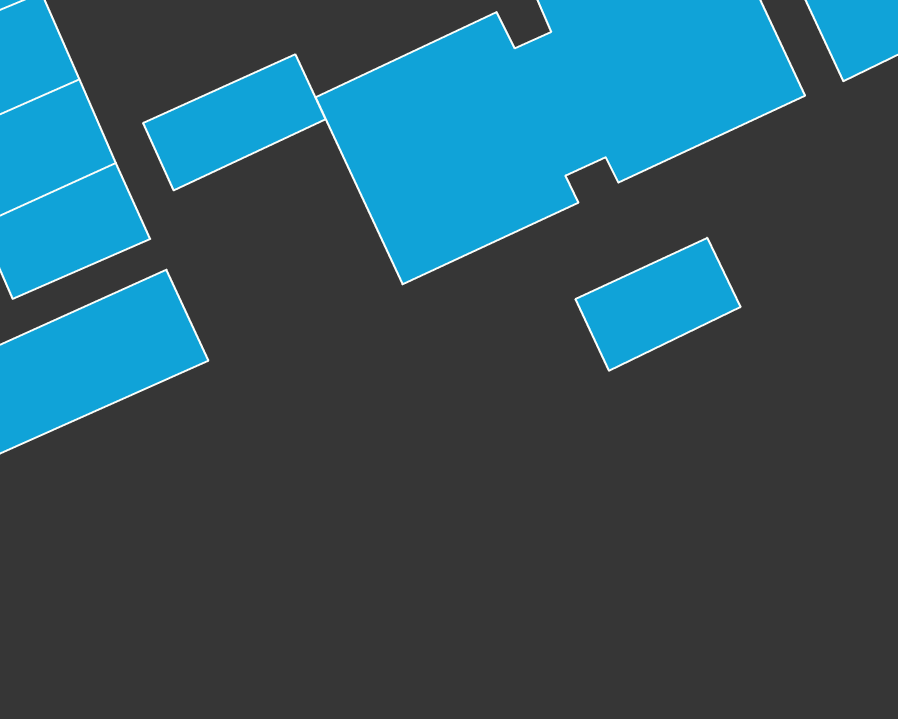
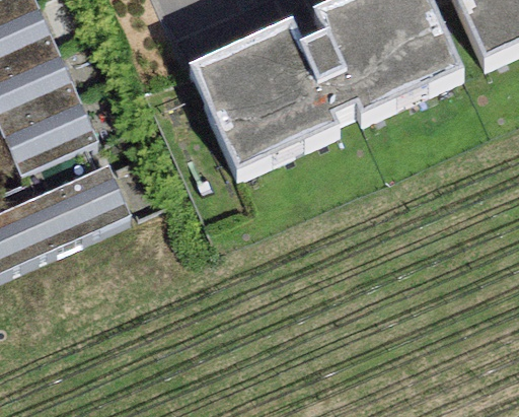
building: [143,54,326,190] -> none
building: [576,238,740,371] -> none

